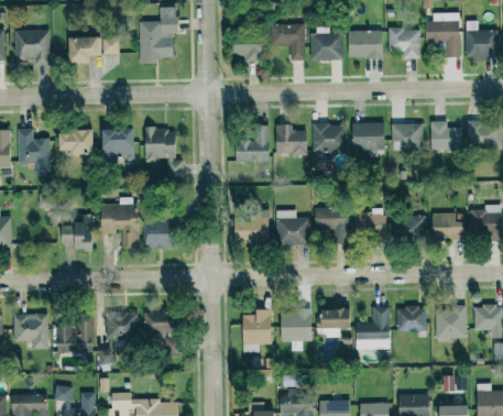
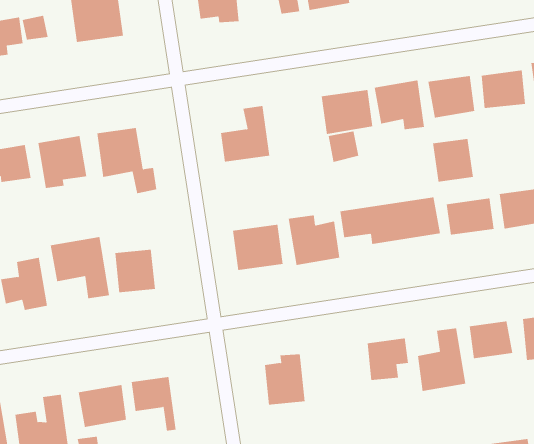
building: [275,124,307,155] -> none
building: none -> [433,138,473,182]
building: [281,309,313,352] -> none

